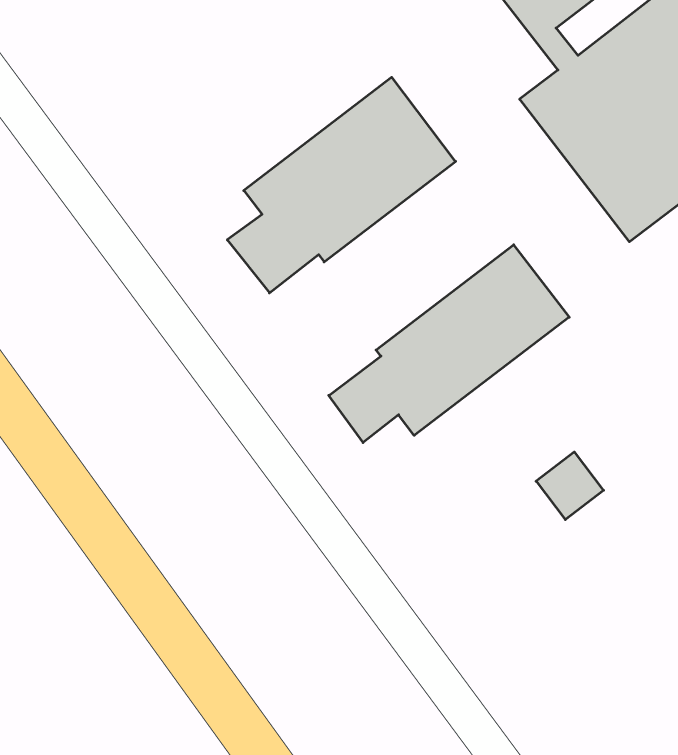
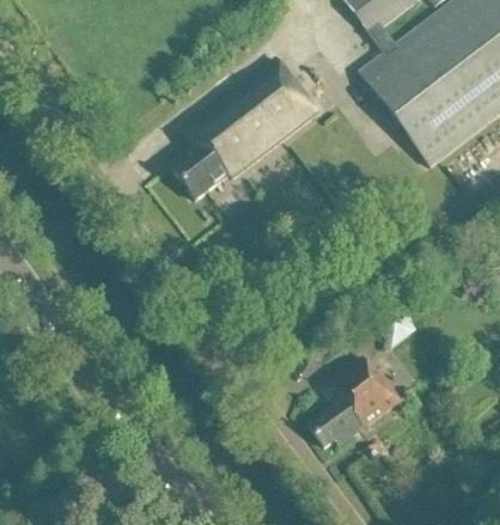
building: [329,245,569,443] -> none
building: none -> [311,354,402,445]

